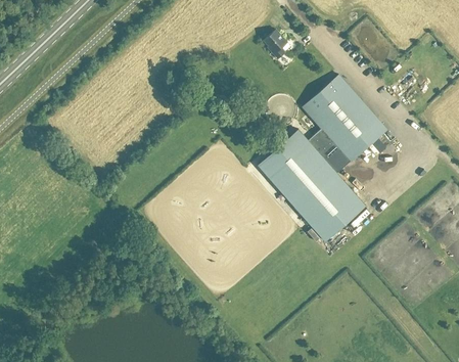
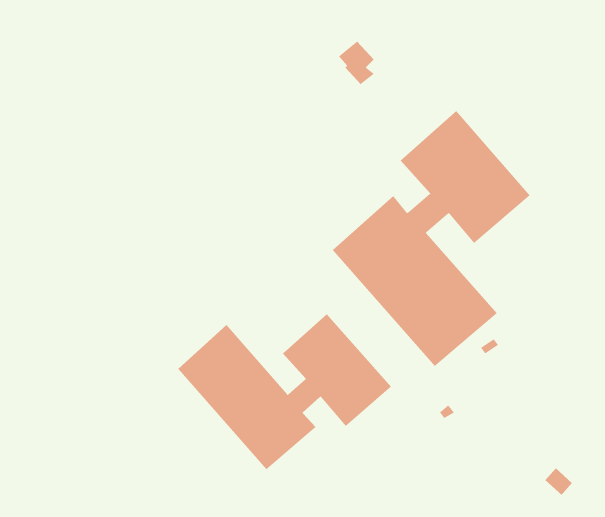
building: none -> [177,314,392,470]

